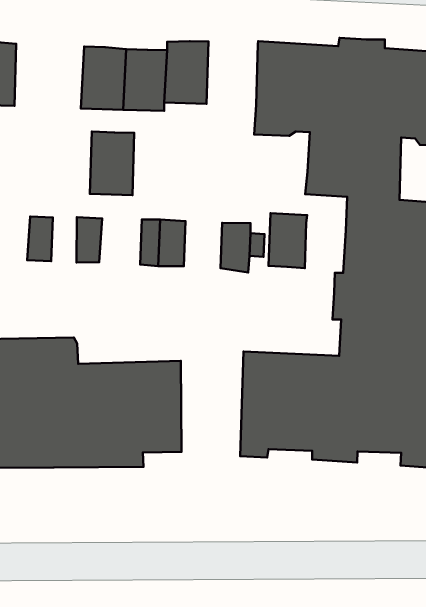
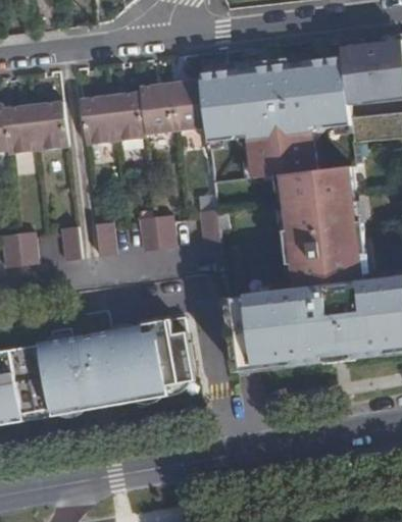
building: none -> [165,76,207,125]
building: [90,132,134,195] -> [28,101,64,150]
building: [268,213,307,268] -> none

